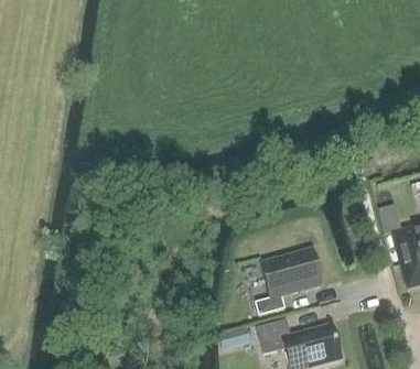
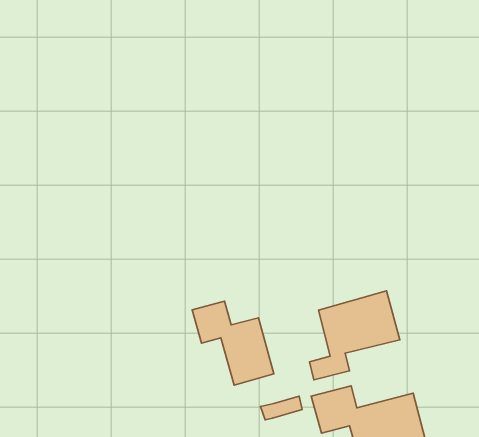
building: none -> [192,301,274,385]

